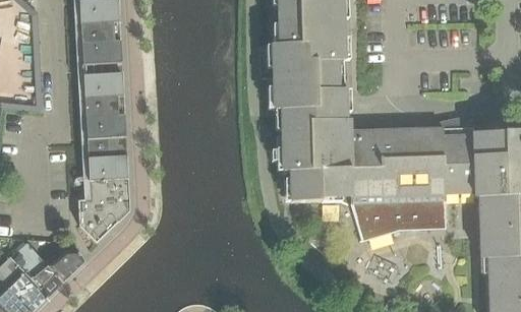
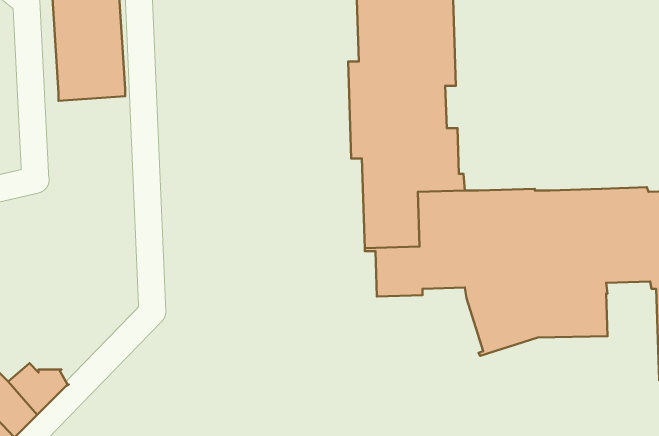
building: [78,69,130,243] -> none

